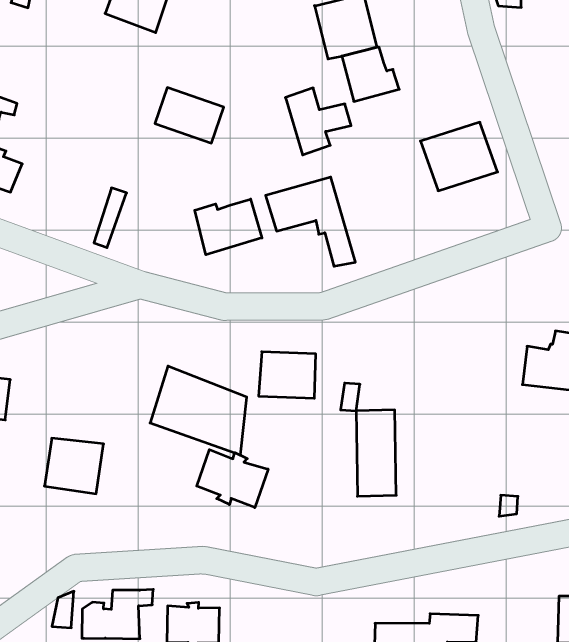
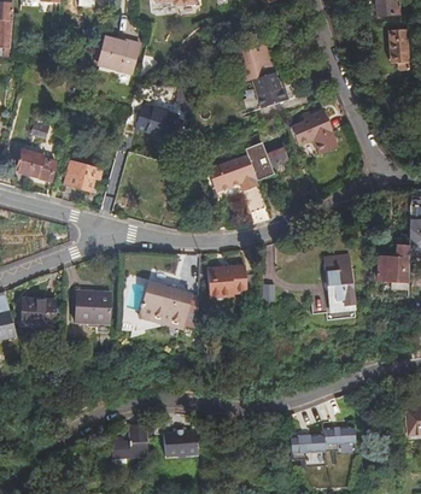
building: [285,88,351,155] -> [250,140,292,182]
building: none -> [62,160,99,190]
building: [195,199,262,255] -> none
building: [356,410,396,496] -> [324,253,353,308]
building: [44,438,104,494] -> [75,290,110,323]
building: [197,450,268,508] -> none

